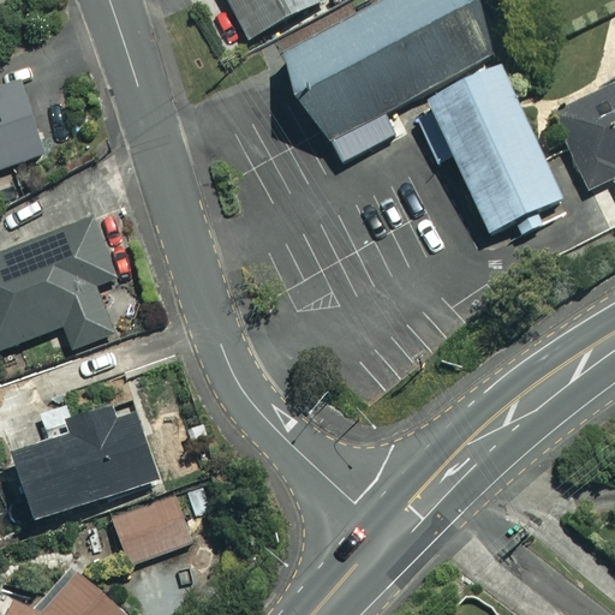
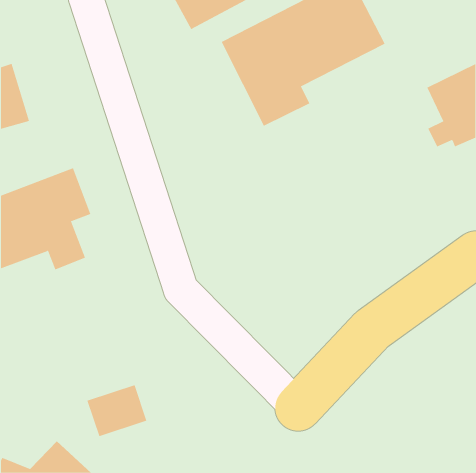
building: [413,67,569,244] -> none
building: [5,399,155,521] -> none

